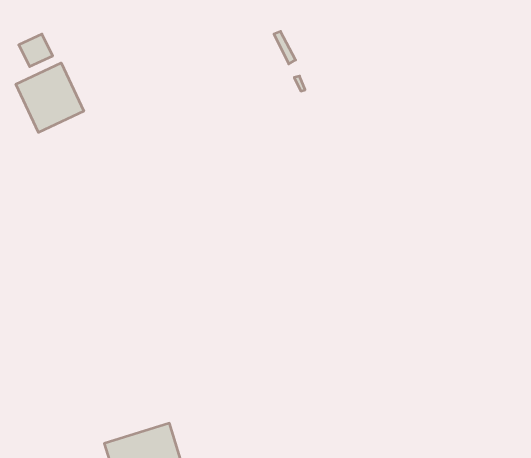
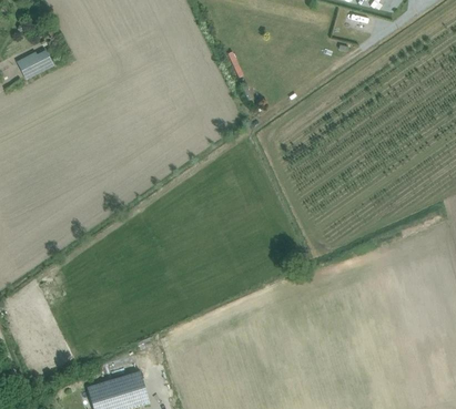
building: [16,63,84,132] -> none

